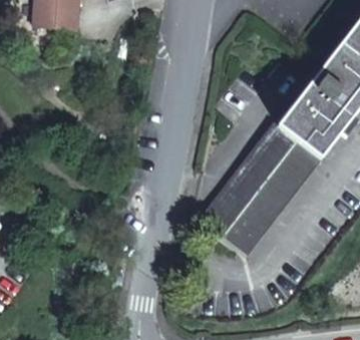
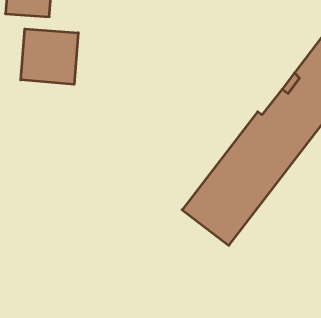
building: none -> [21,29,78,84]

